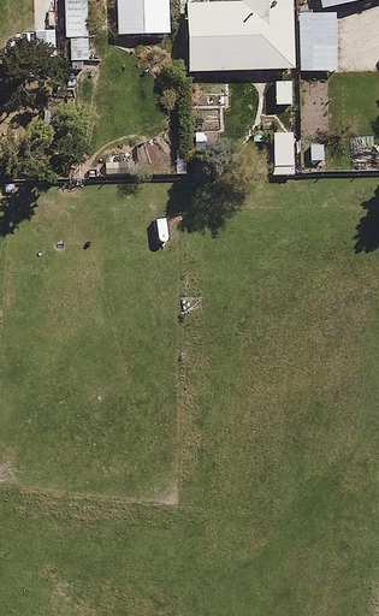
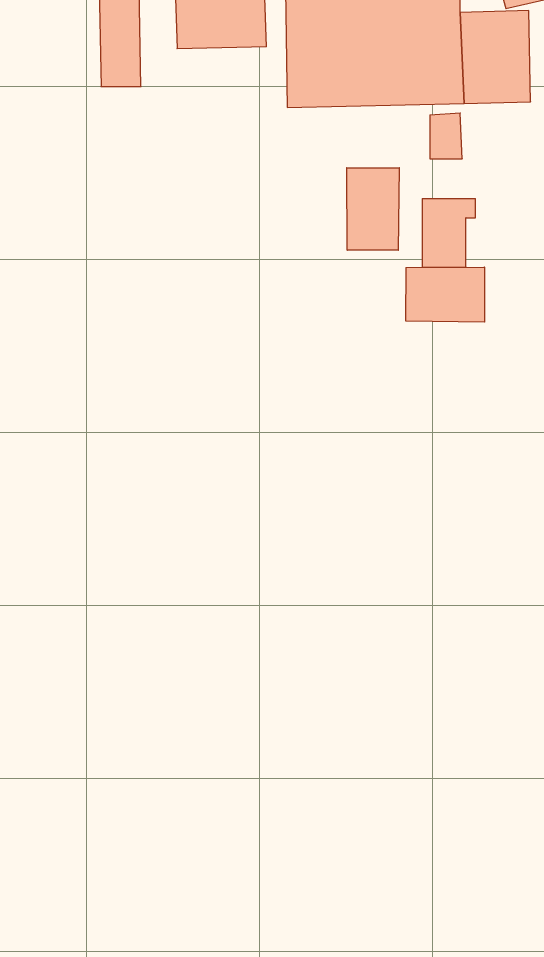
building: none -> [347,168,399,250]
building: none -> [406,267,484,322]

